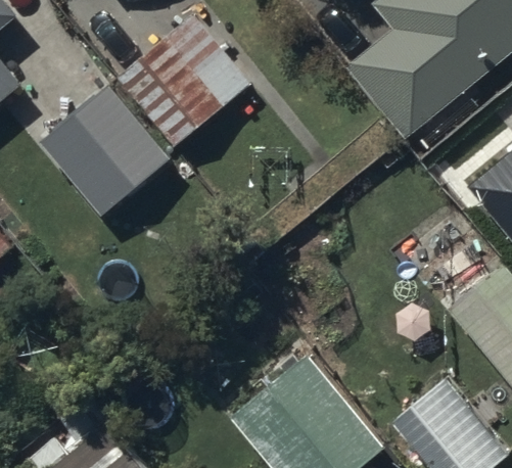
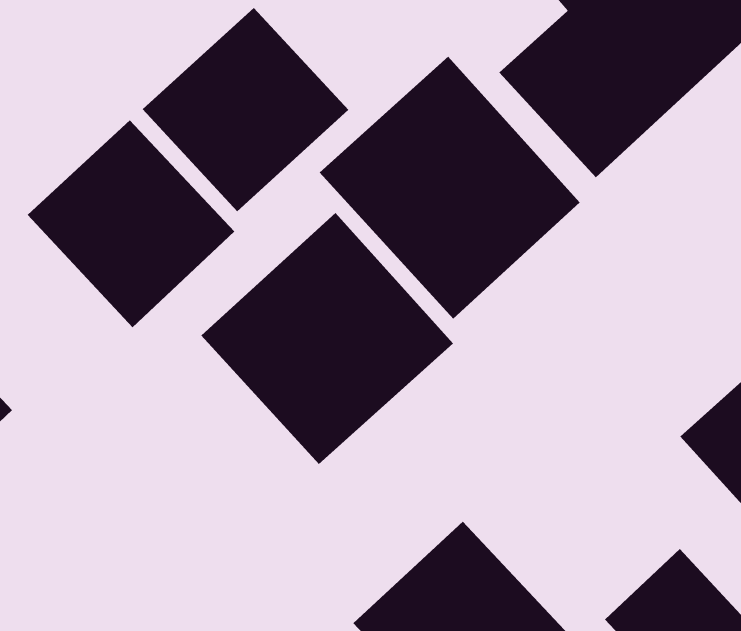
building: none -> [319,56,581,319]
building: none -> [200,212,454,465]

